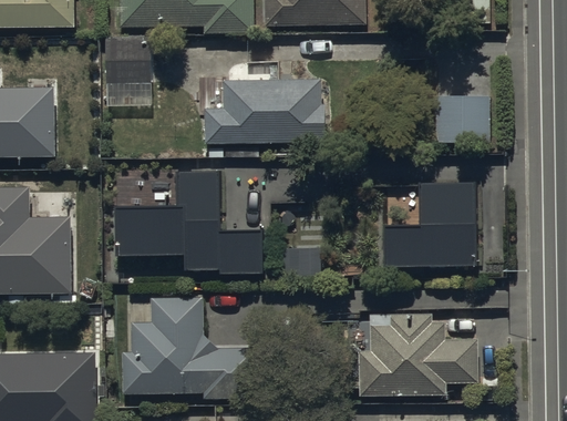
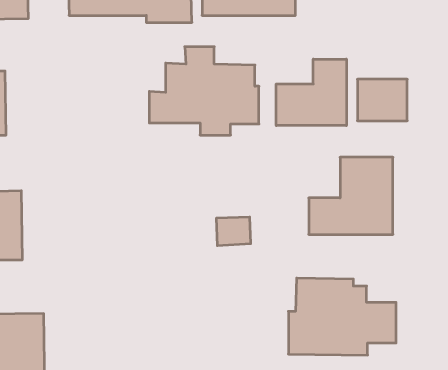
building: [106,35,152,106] -> none
building: none -> [276,59,346,126]
building: [113,171,261,274] -> none
building: [124,297,258,398] -> none

